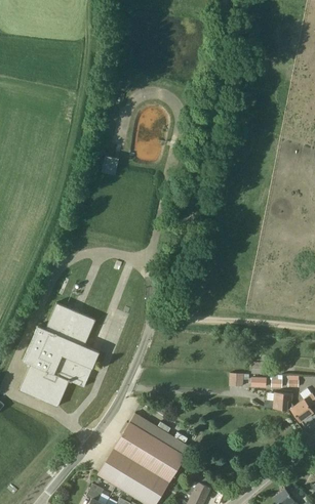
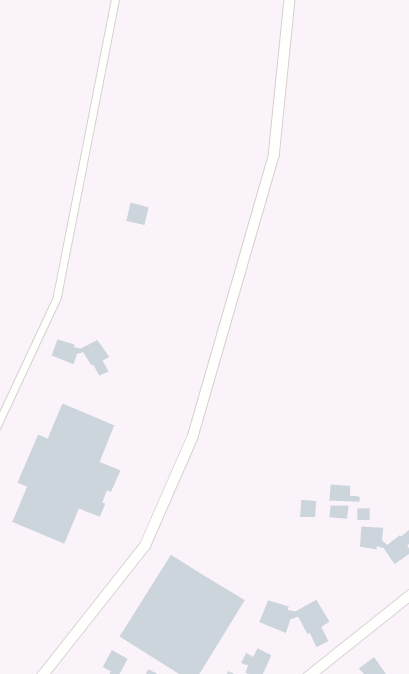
building: none -> [51,339,110,377]
building: none -> [259,599,331,648]

